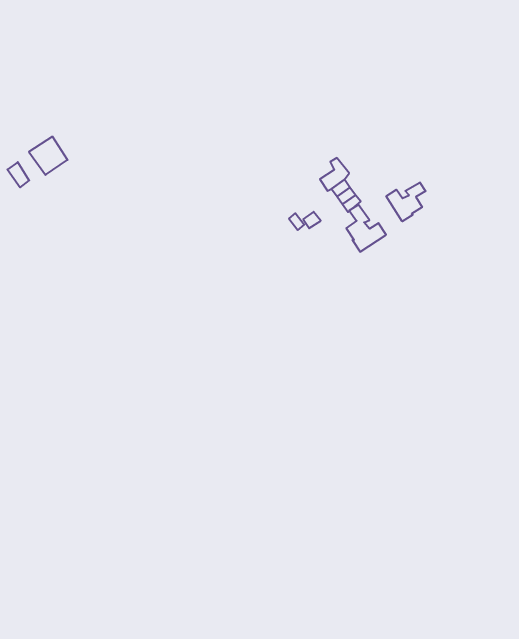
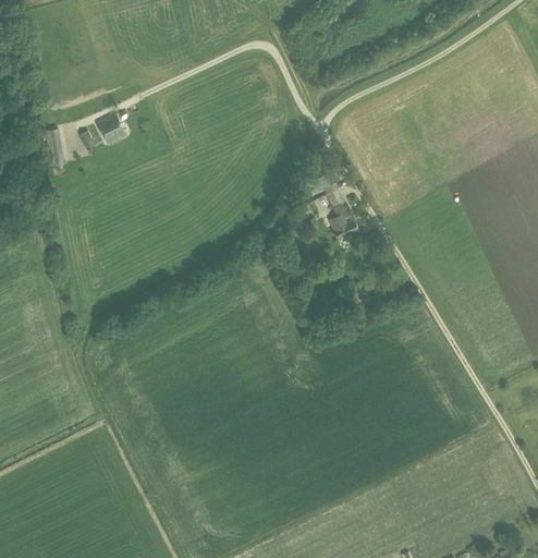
building: [386,182,426,221] -> none

